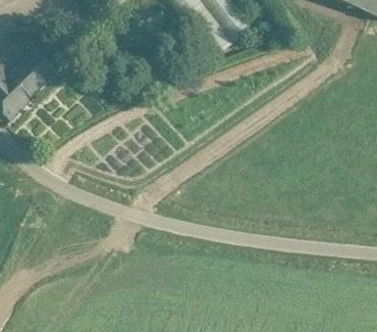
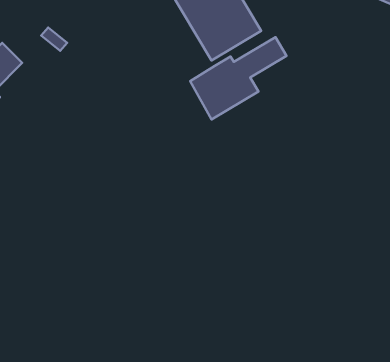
building: none -> [190,37,287,120]

